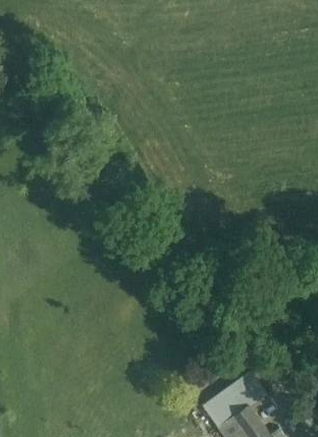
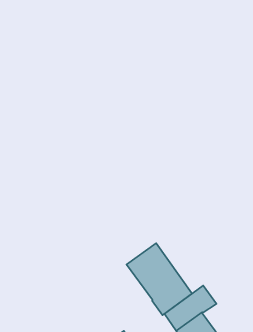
building: none -> [126,243,193,315]

